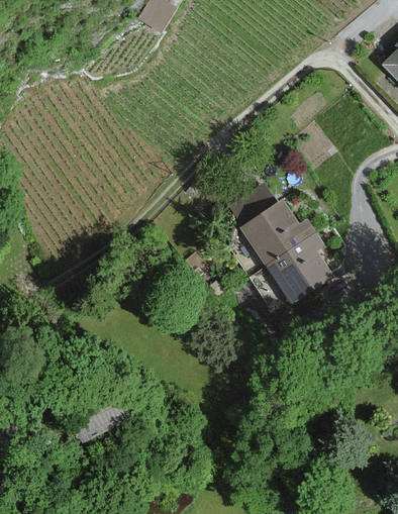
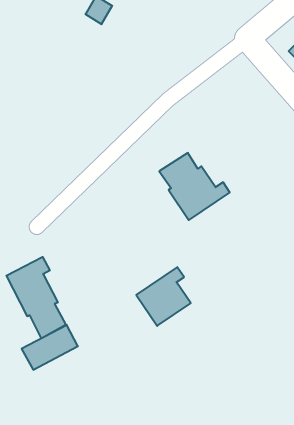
building: [266,232,331,303] -> [136,267,191,326]
building: none -> [6,257,66,338]

